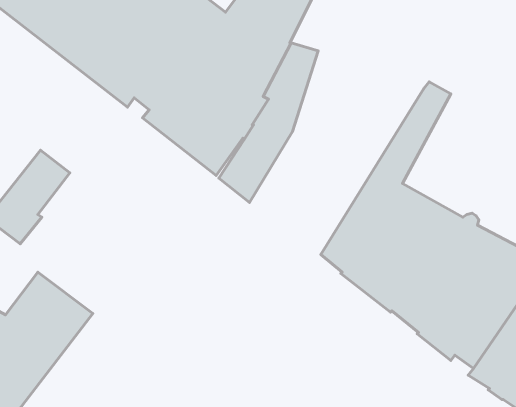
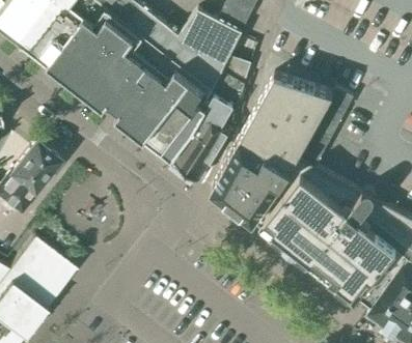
building: none -> [210,75,332,223]

